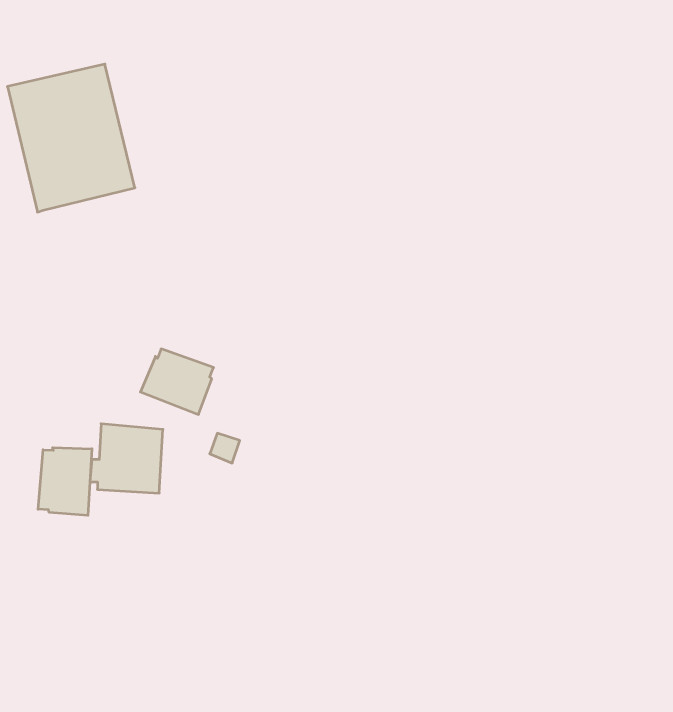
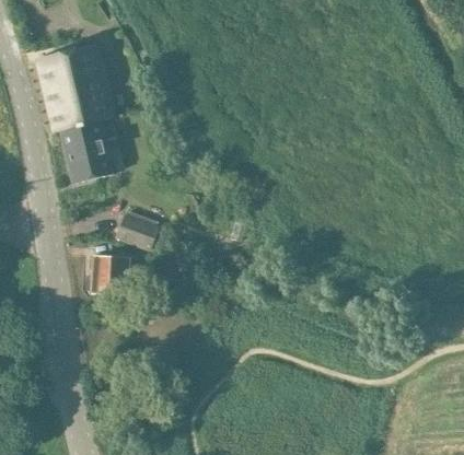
building: none -> [57,116,121,183]
building: [38,448,92,515] -> none

